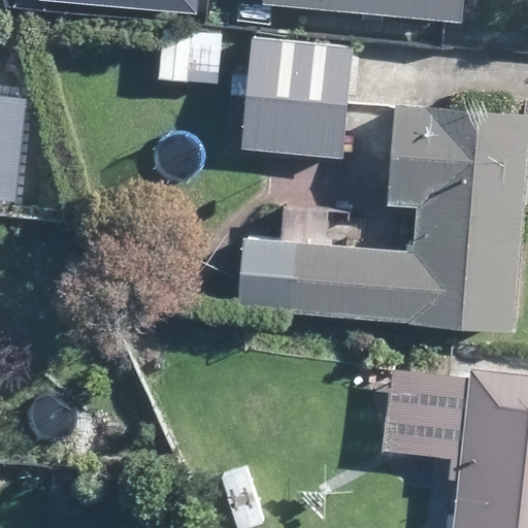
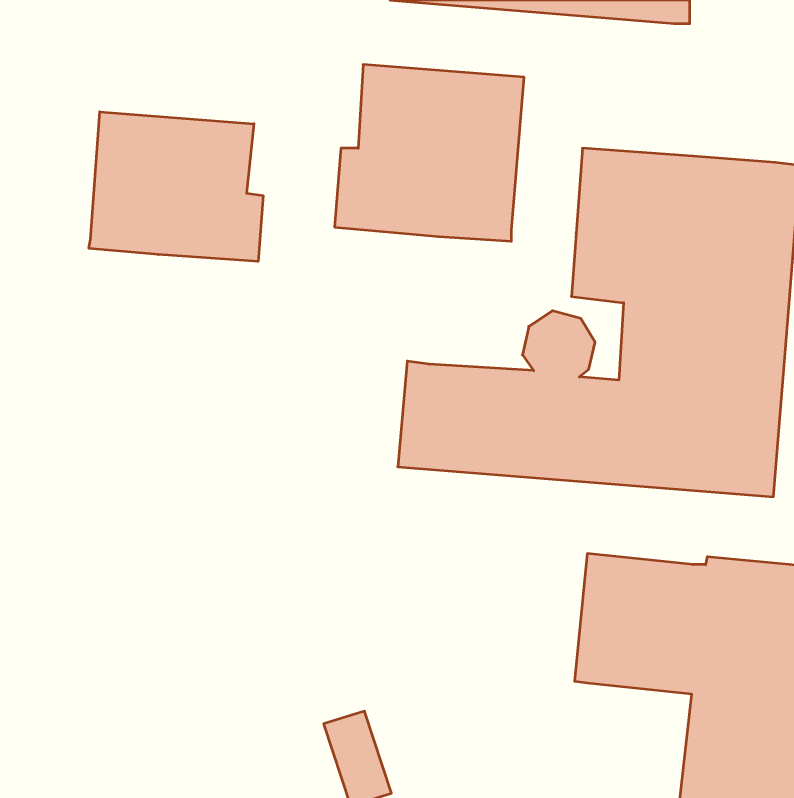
building: none -> [89,112,263,261]

